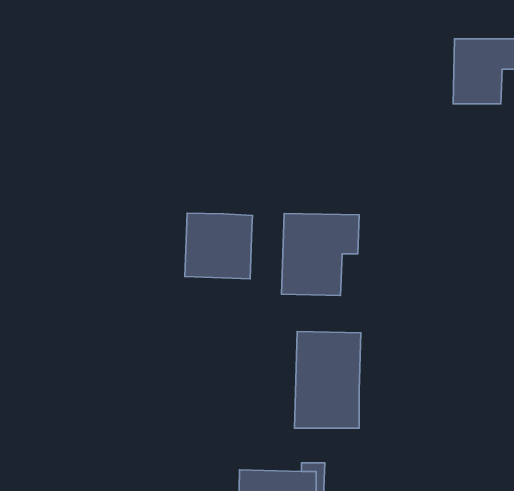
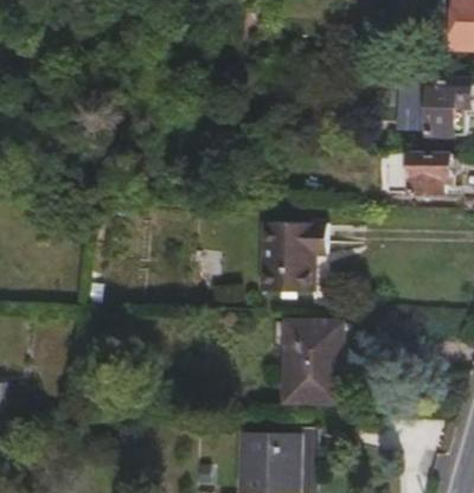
building: none -> [405,154,450,193]
building: [185,213,252,279] -> none

